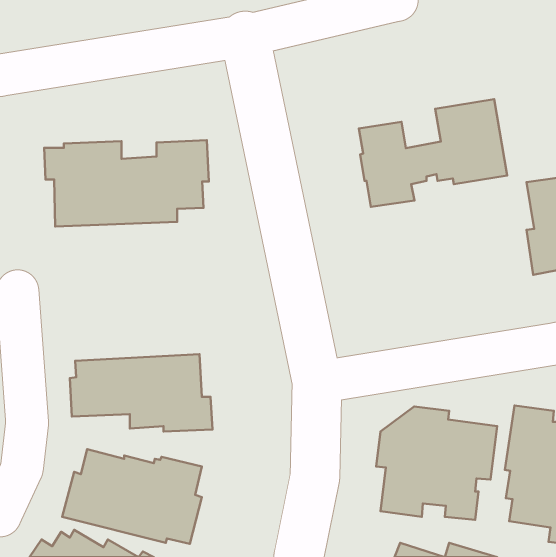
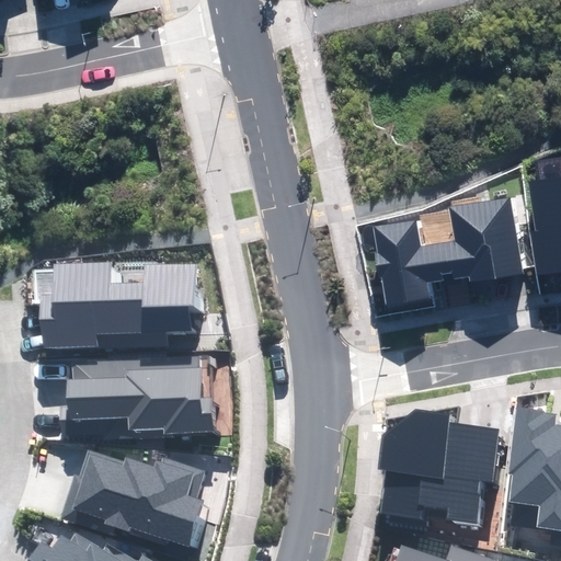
building: [359,99,507,207] -> [375,197,524,306]
building: [44,140,209,226] -> [34,264,199,351]

